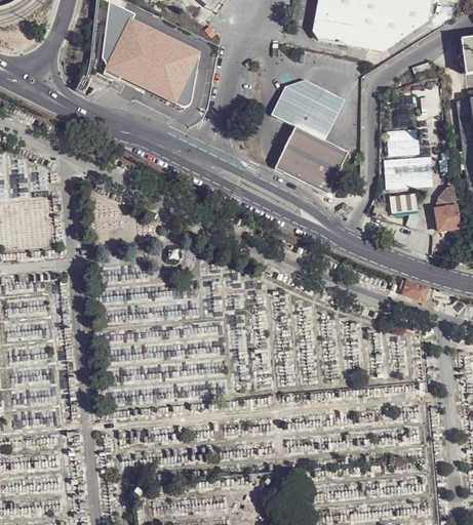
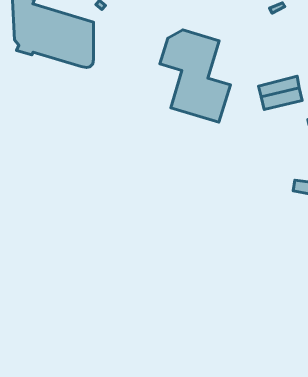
building: [386,129,418,156] -> none
building: [389,194,417,214] -> none

